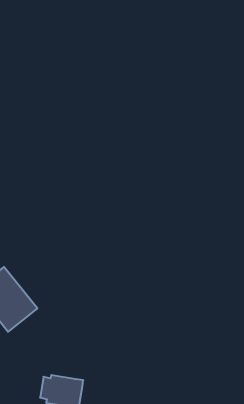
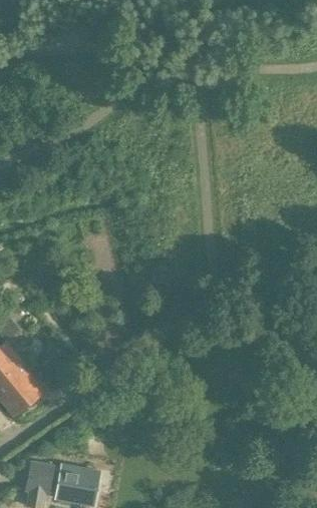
building: none -> [26,462,53,494]

